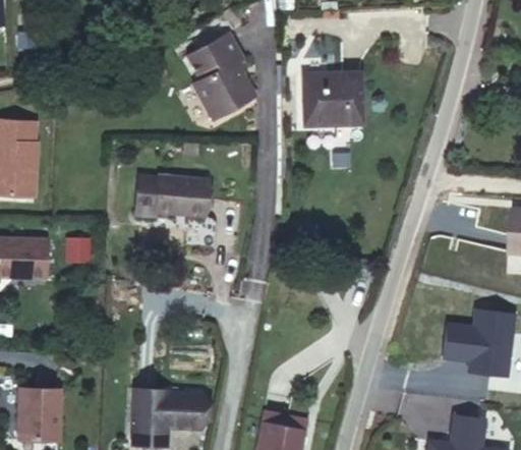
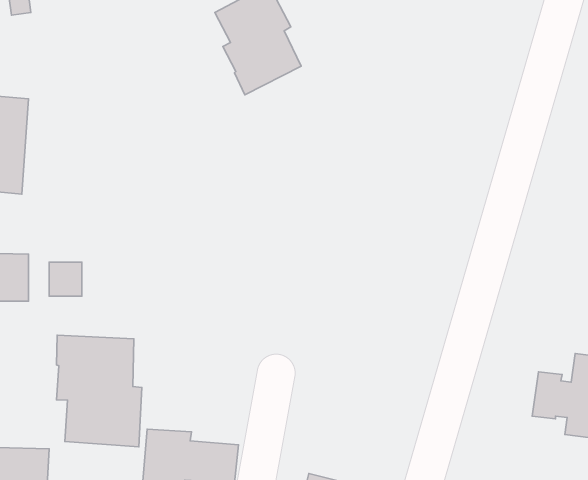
building: [303,77,367,138] -> none
building: [132,181,204,227] -> none
building: none -> [57,335,142,447]

